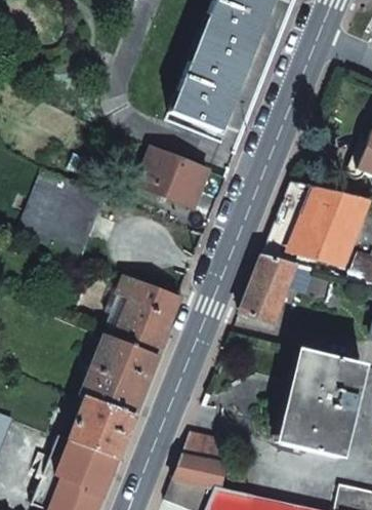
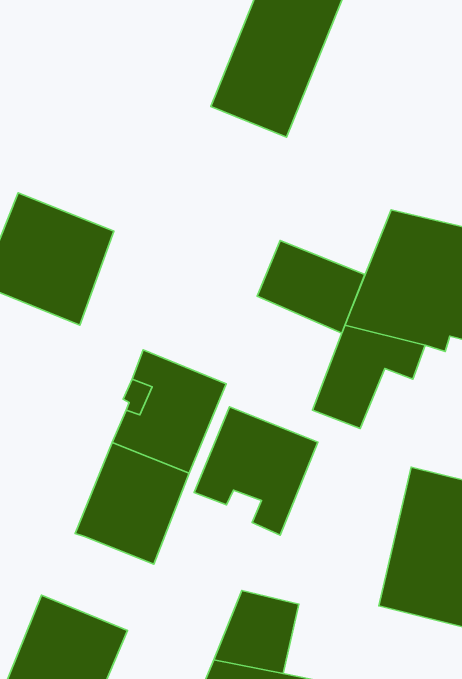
building: [138,148,210,209] -> [257,241,365,333]
building: none -> [194,407,318,535]
building: [53,398,133,461] -> none

